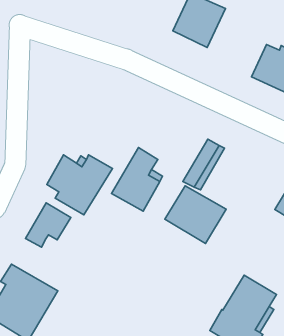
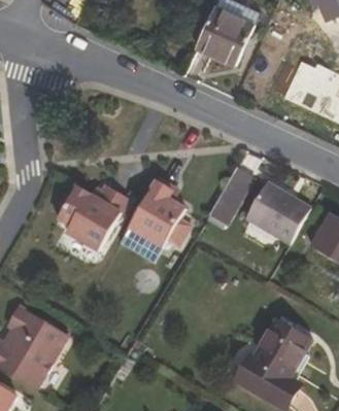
building: [165,186,226,243] -> [242,180,310,244]
building: [25,203,71,247] -> none

